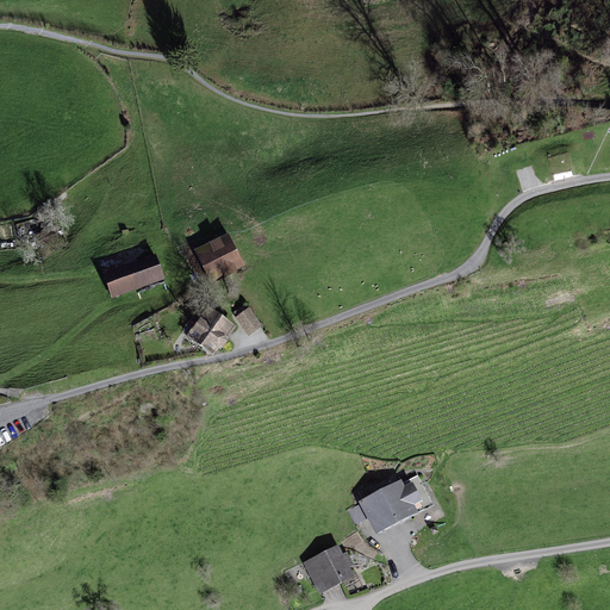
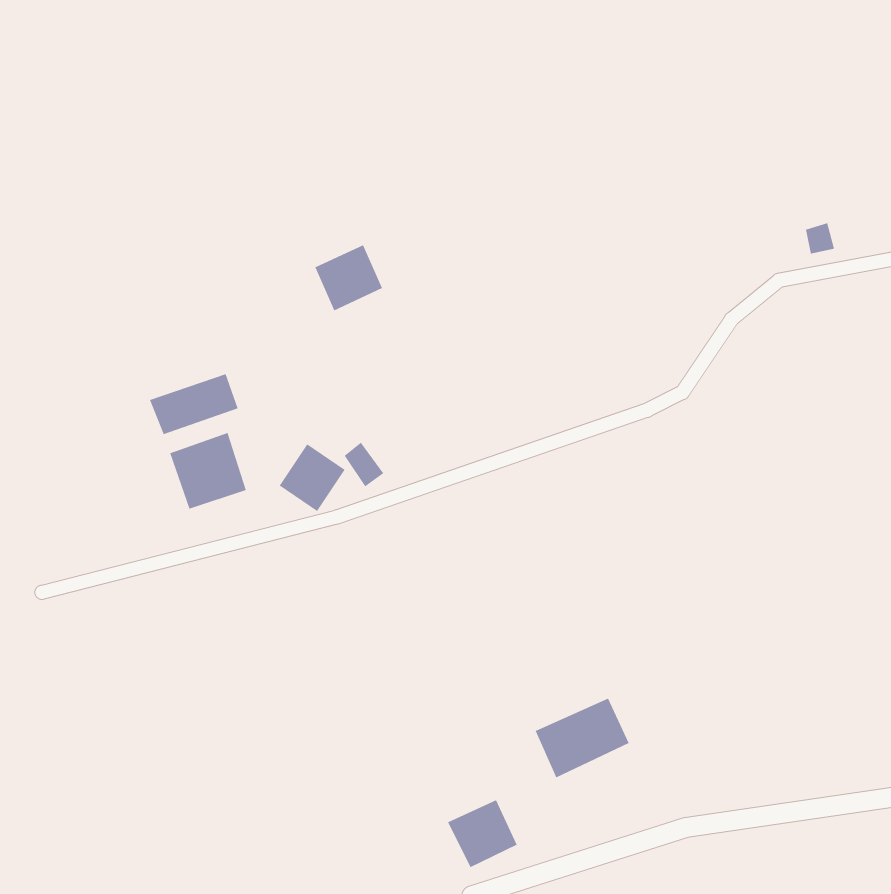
building: [192,235,238,280] -> [314,244,383,311]
building: none -> [169,432,247,510]

